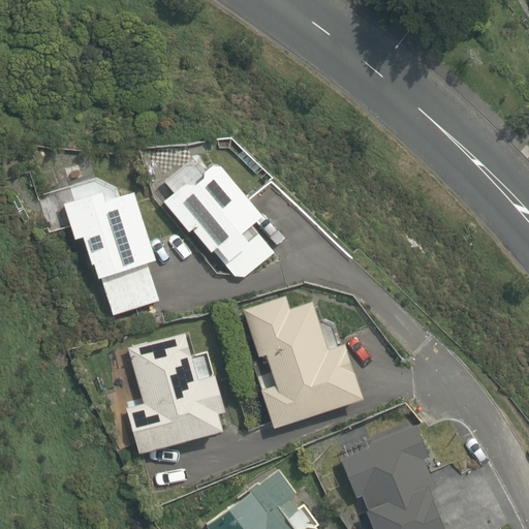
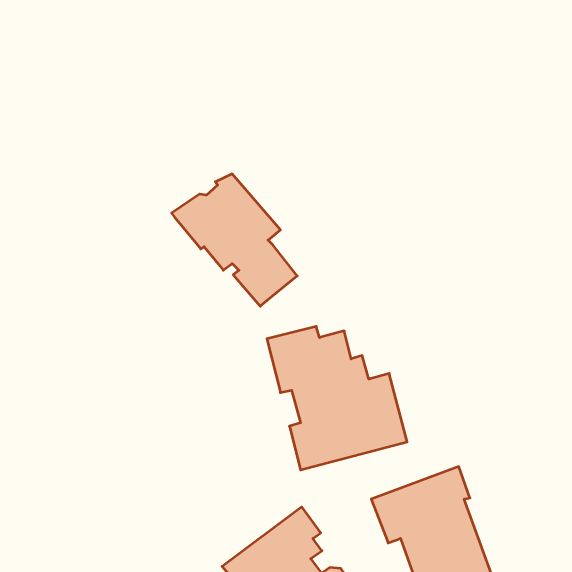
building: [39,180,156,314] -> none
building: [125,331,223,452] -> none

